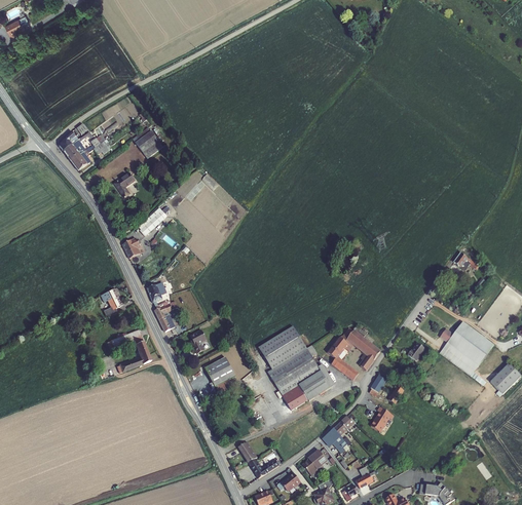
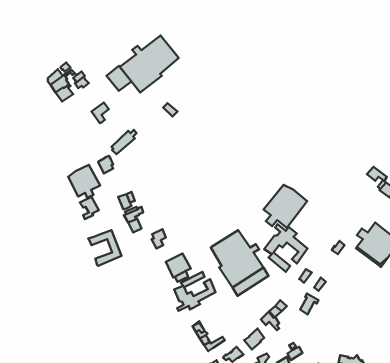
building: none -> [120,36,179,93]
building: none -> [68,165,100,198]
building: none -> [264,185,307,228]
building: none -> [174,272,216,311]

